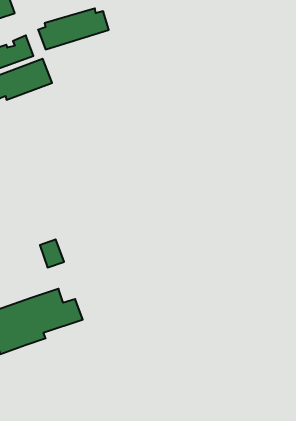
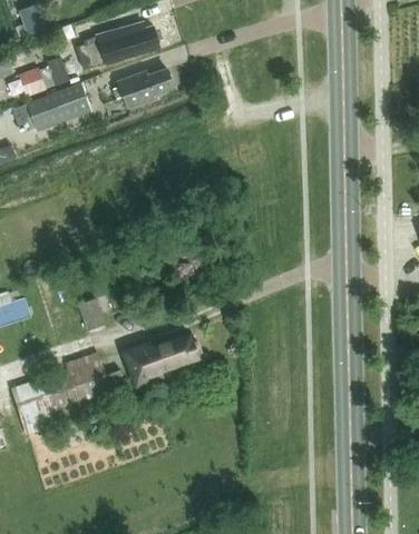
building: none -> [113,68,173,107]
building: none -> [124,334,202,384]

